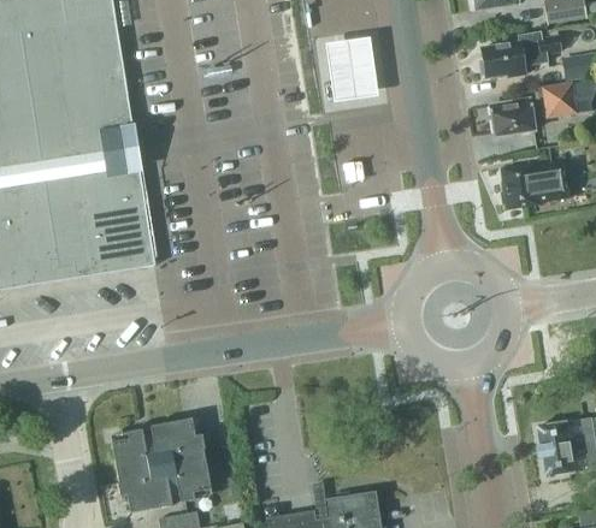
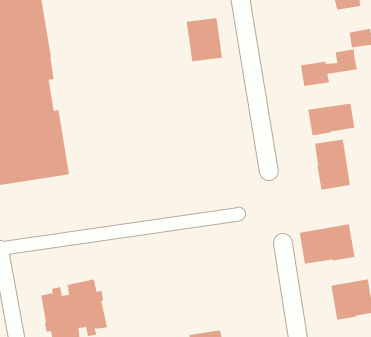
building: [482,30,560,78] -> none
building: none -> [315,139,350,190]
building: none -> [299,223,355,264]

